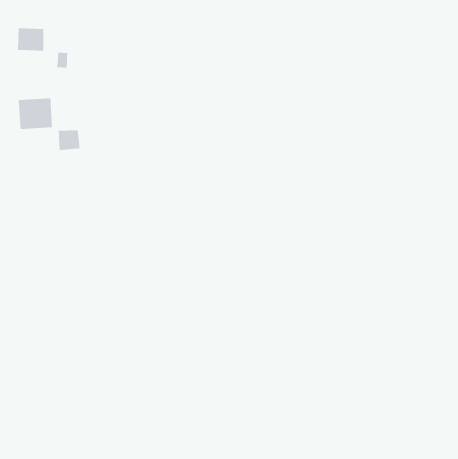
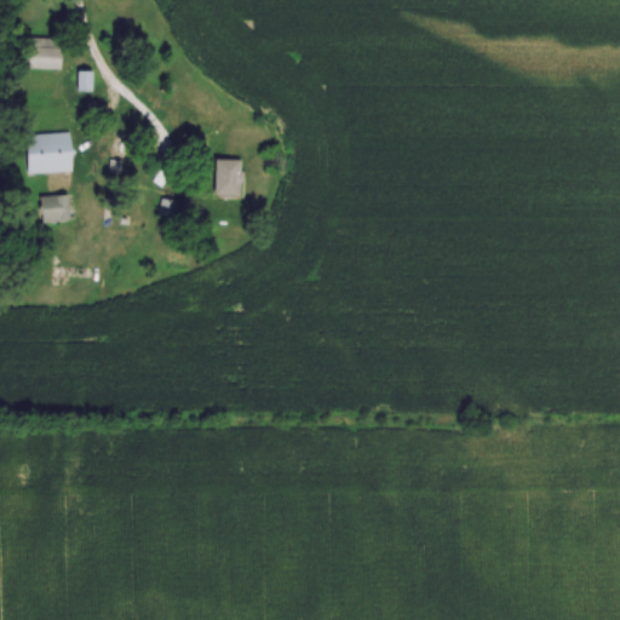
building: none -> [214,159,242,195]
building: [58,130,80,150] -> [40,195,70,223]

